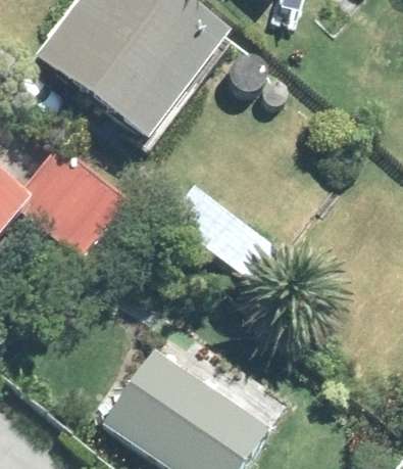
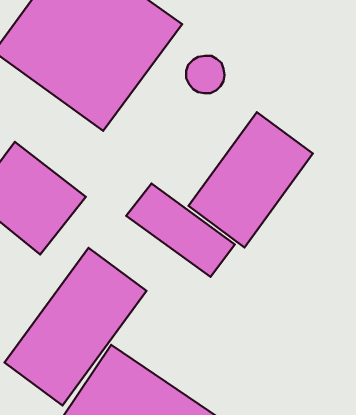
building: none -> [188,112,313,247]
building: none -> [5,248,146,405]

